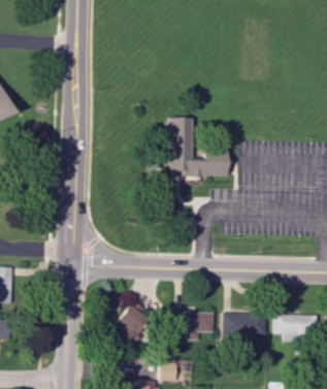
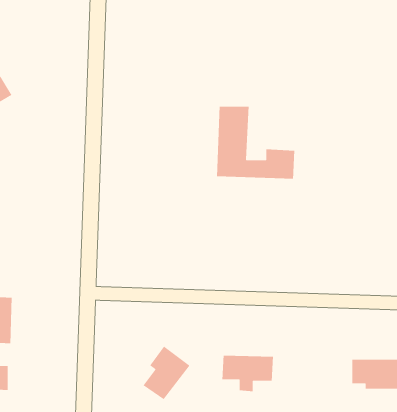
building: [223,312,266,337] -> none

